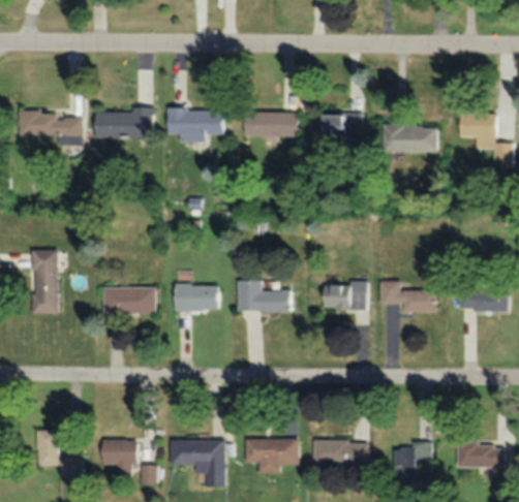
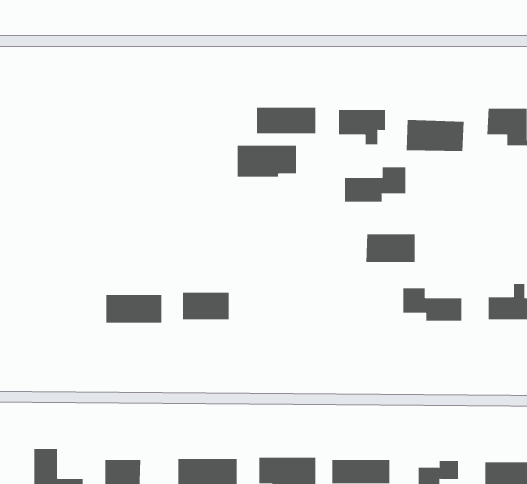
building: [166,109,222,139] -> [237,145,297,177]
building: [95,111,153,138] -> none
building: [19,112,83,139] -> none
building: none -> [345,167,406,202]
building: [32,250,58,314] -> none
building: [238,281,291,313] -> none
building: [320,283,367,310] -> [366,234,415,263]

